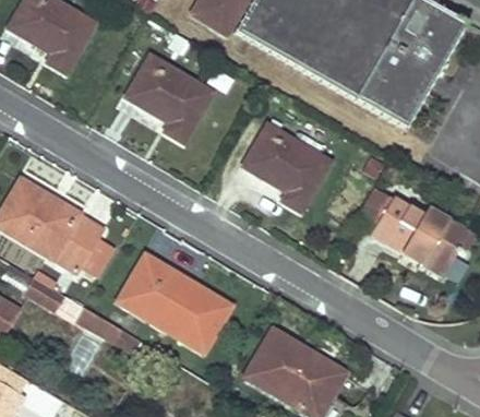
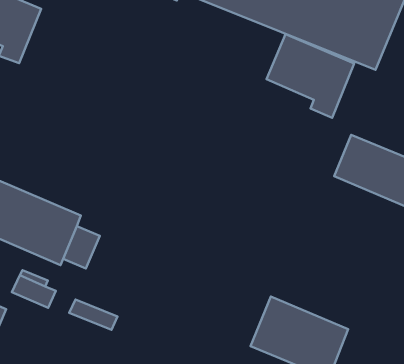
building: [125,57,212,142] -> none
building: [242,126,328,212] -> [266,34,354,118]
building: [122,254,233,349] -> none

